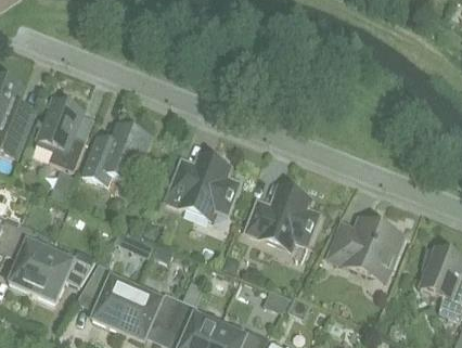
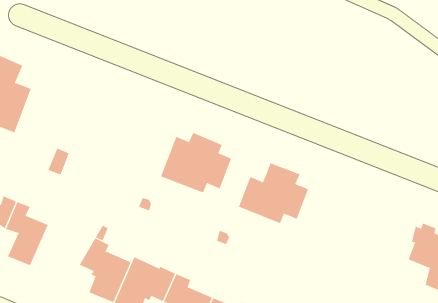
building: [35,98,85,169] -> none
building: [80,123,150,183] -> none
building: [326,221,402,280] -> none
building: [31,249,94,302] -> none

